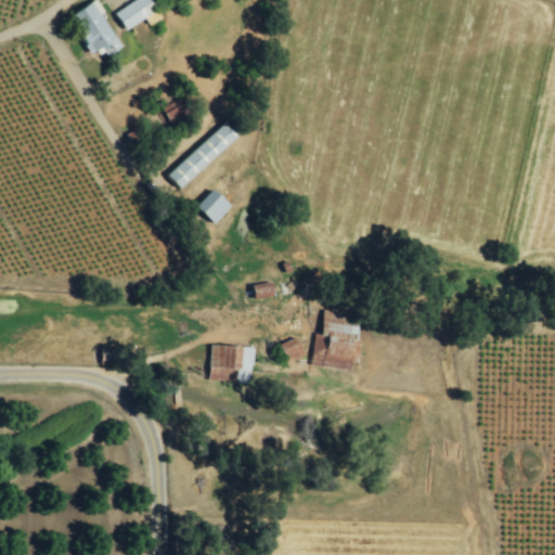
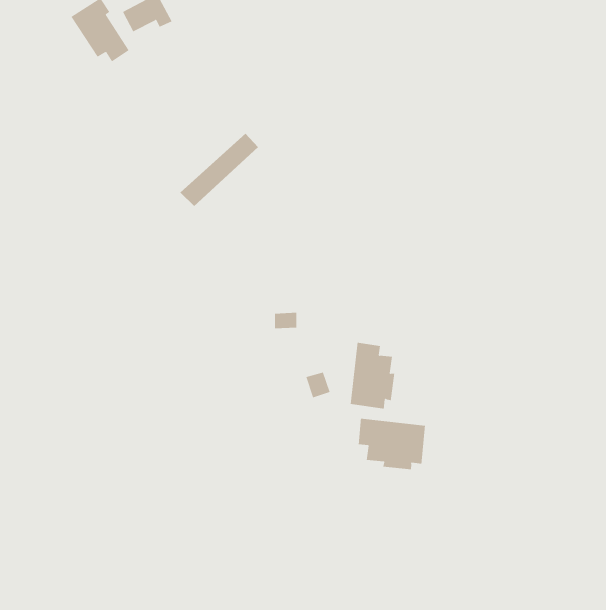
building: [196,189,231,223] -> none
building: [210,345,254,382] -> none
building: none -> [358,418,425,470]

